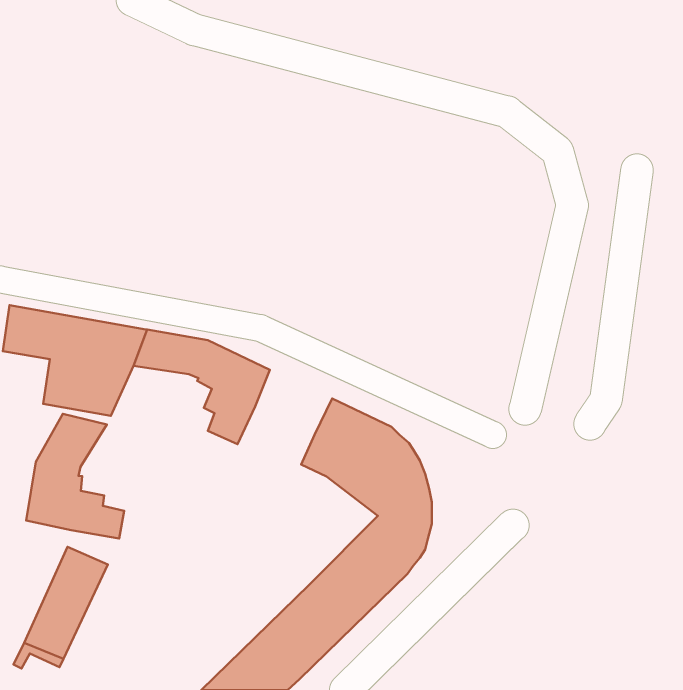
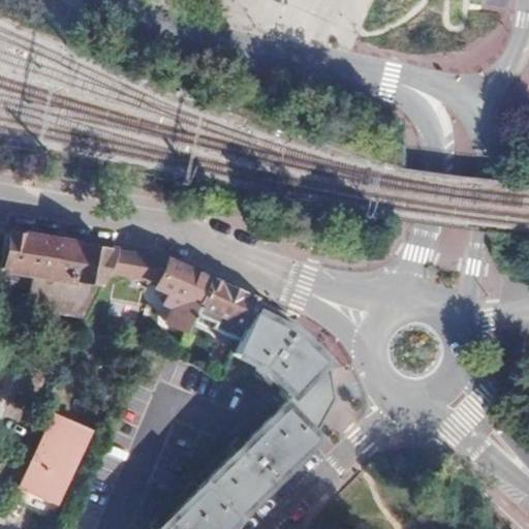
building: none -> [200,283,259,333]
building: [26,414,124,539] -> none

